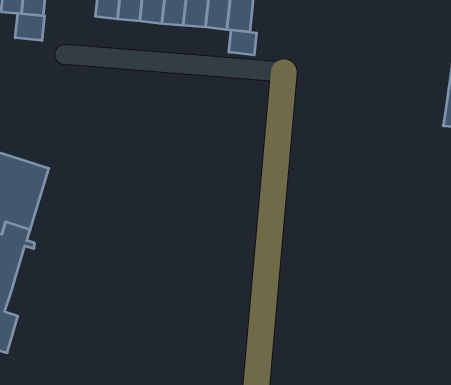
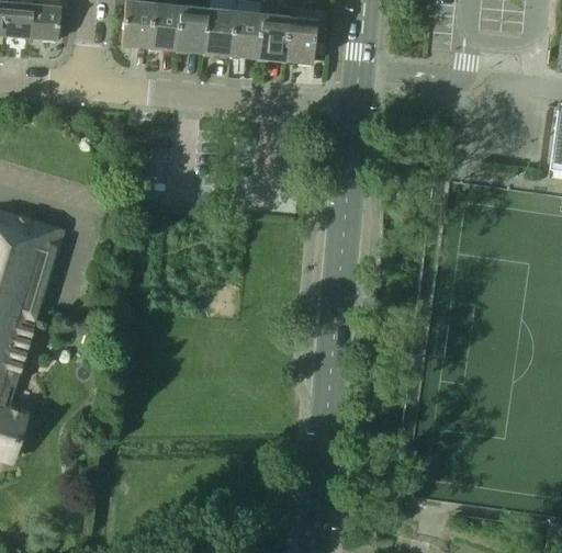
building: [15,13,45,41] -> none
building: [229,30,257,55] -> none

